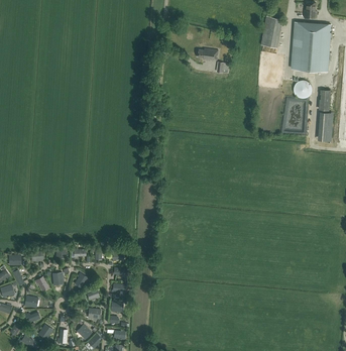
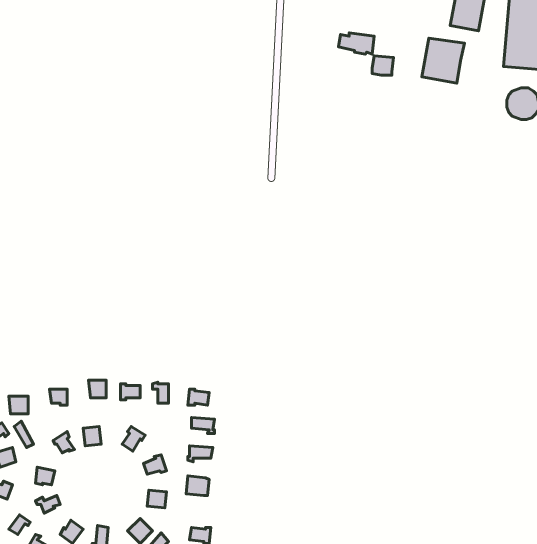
building: none -> [422,38,464,83]

